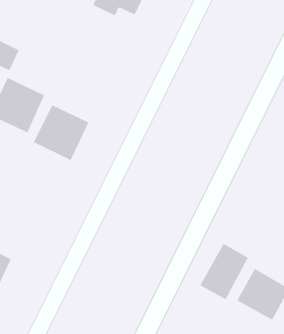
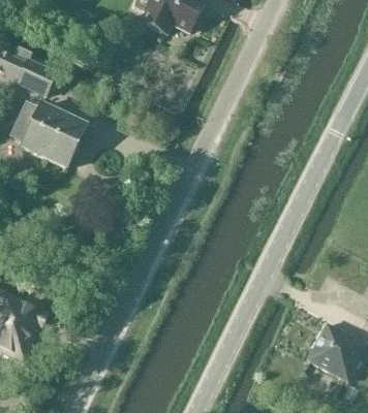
building: [33,104,89,161] -> none
building: [200,243,248,300] -> none

